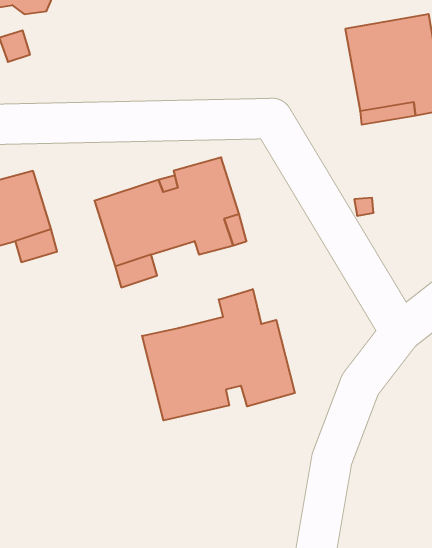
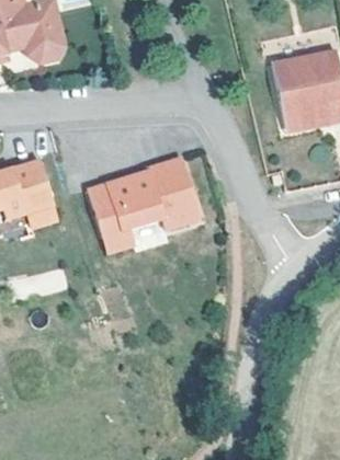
building: [142,289,295,420] -> none

